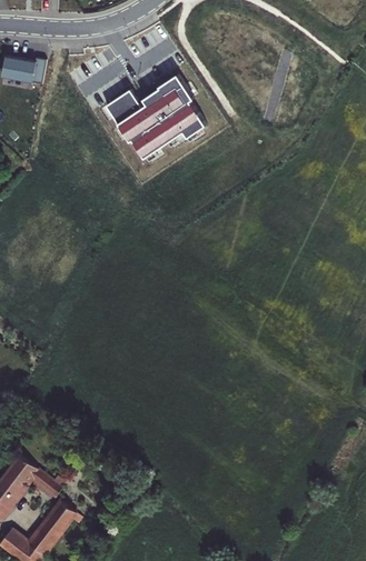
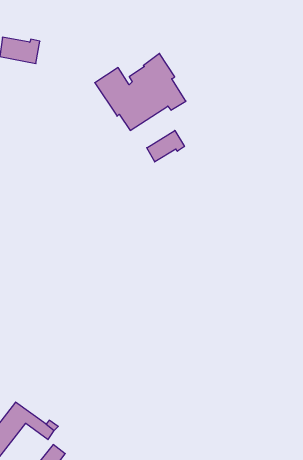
building: none -> [147,130,184,162]

